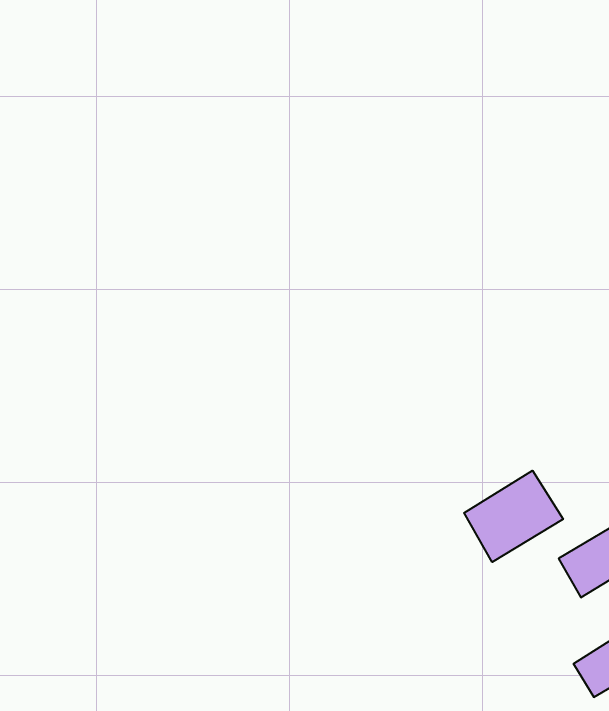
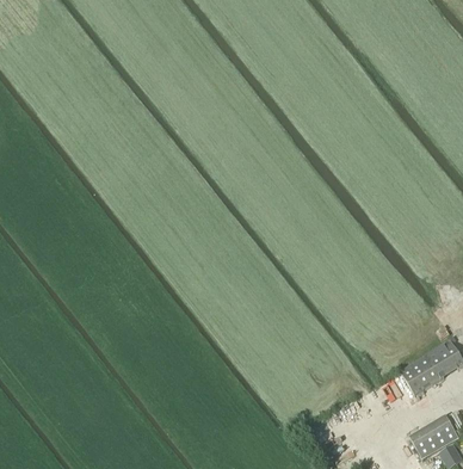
building: [464,471,563,562] -> none

